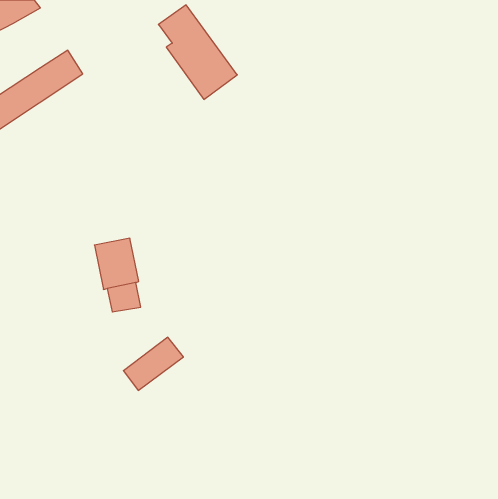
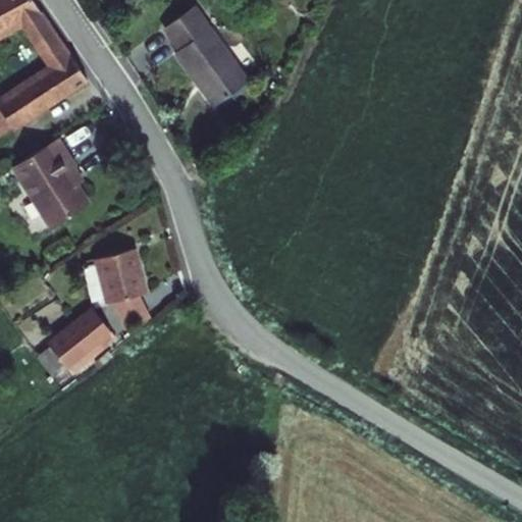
building: none -> [13,12,70,74]
building: none -> [19,137,91,222]
building: [123,337,183,390] -> [50,313,112,368]

